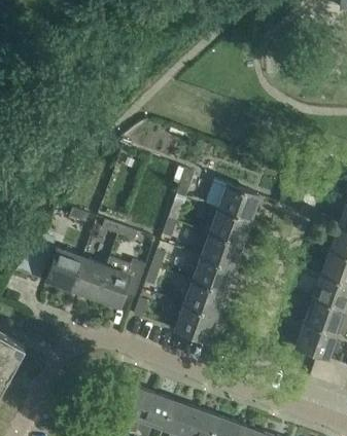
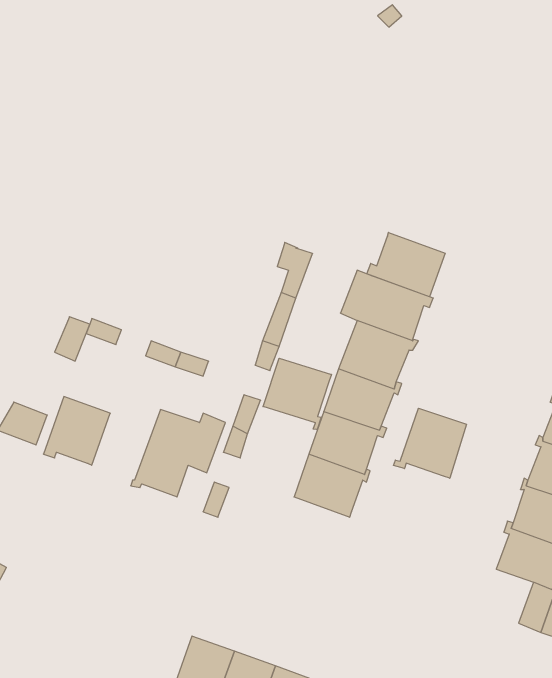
building: none -> [367,232,445,297]
building: none -> [263,358,331,430]
building: [69,258,110,298] -> none
building: none -> [394,408,467,478]
building: [176,307,218,341] -> none

